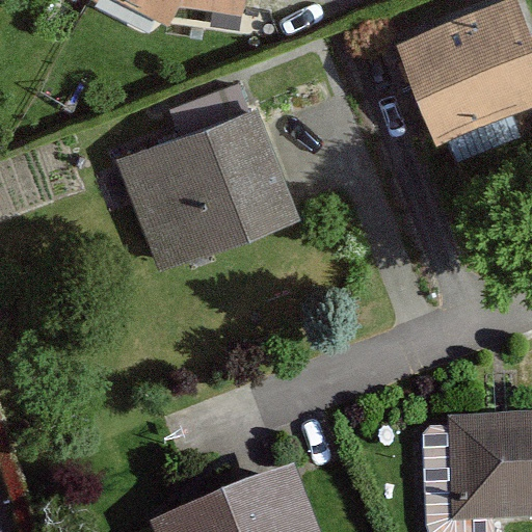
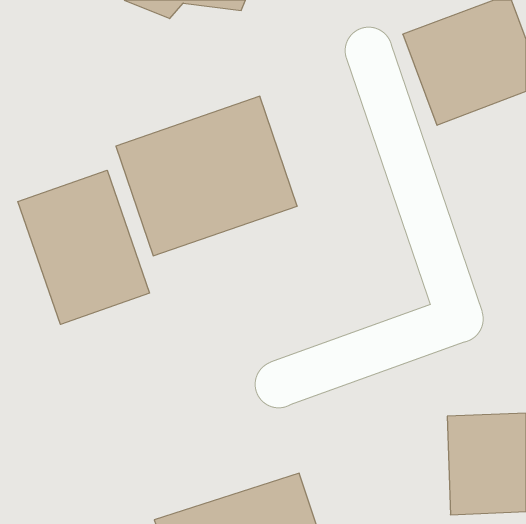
building: none -> [18,170,150,324]

